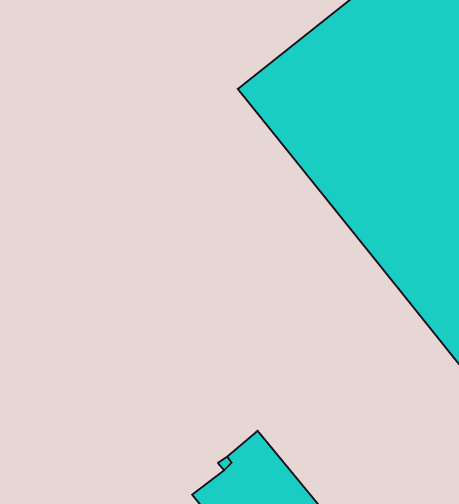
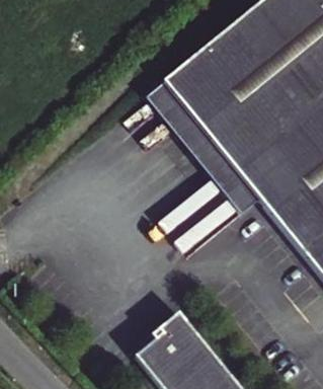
building: none -> [146,79,259,212]

